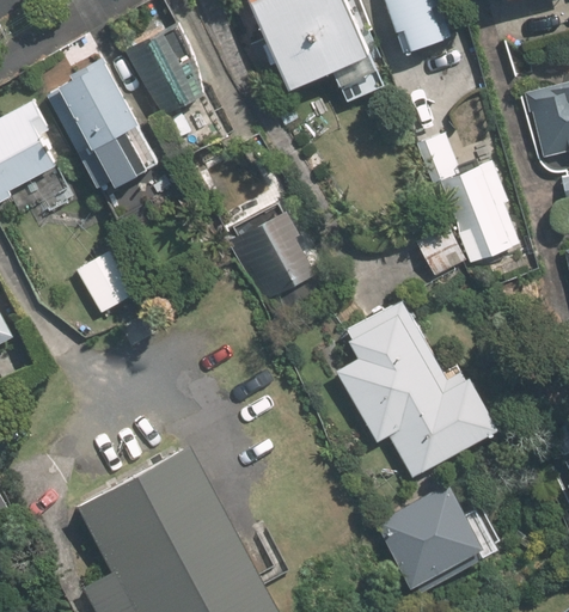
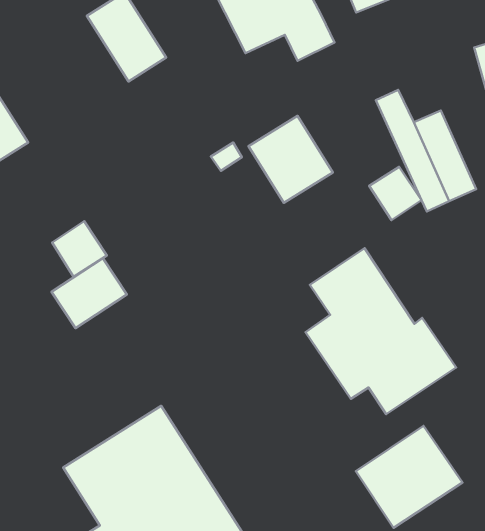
building: [56,60,160,185] -> none
building: [233,209,319,299] -> [248,116,333,203]
building: none -> [51,258,127,328]

